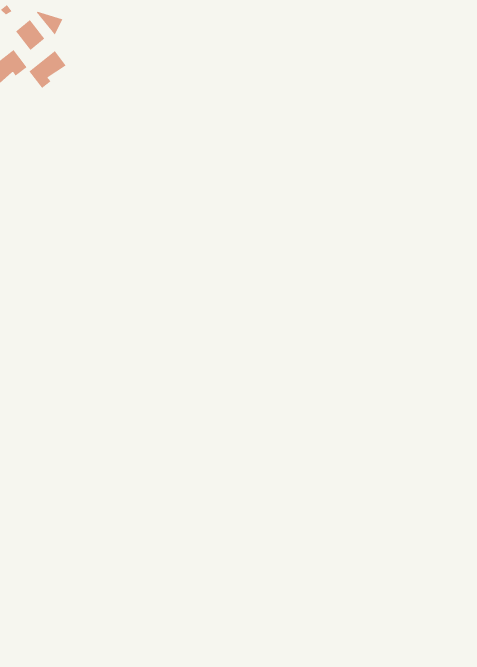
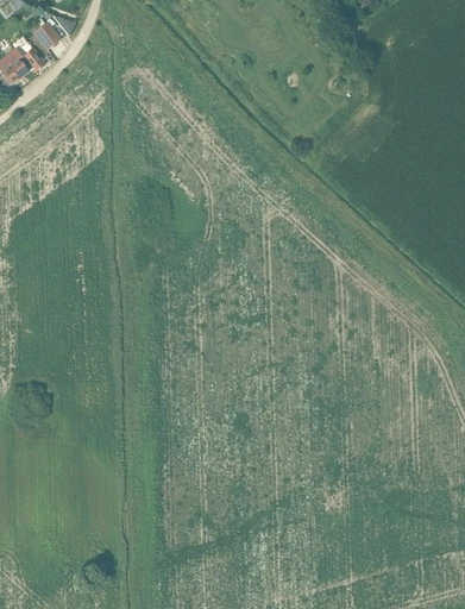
building: [28,50,66,89] -> none

